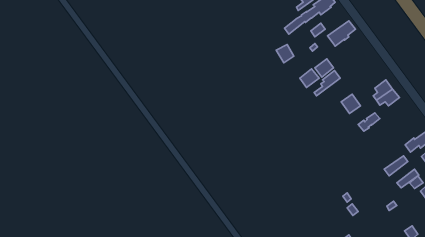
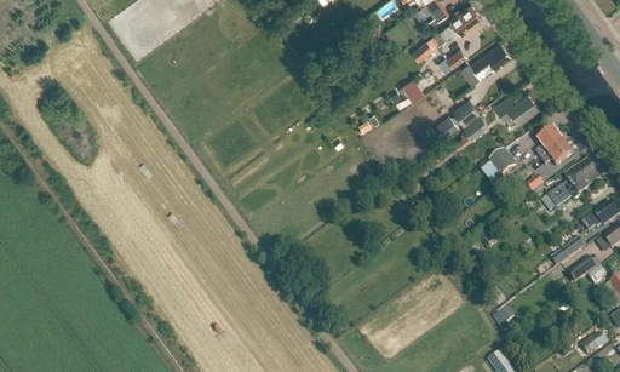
building: none -> [495,92,540,122]
building: none -> [549,160,601,207]

